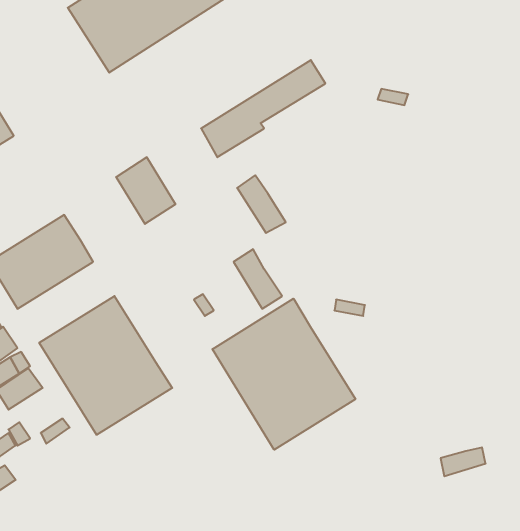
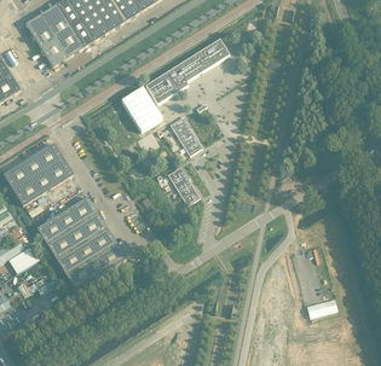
building: none -> [24,6,83,69]
building: [116,157,176,224] -> [121,89,161,134]
building: [212,299,355,450] -> none

